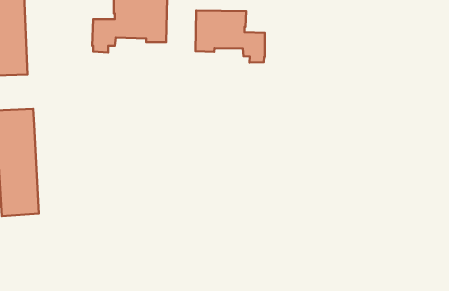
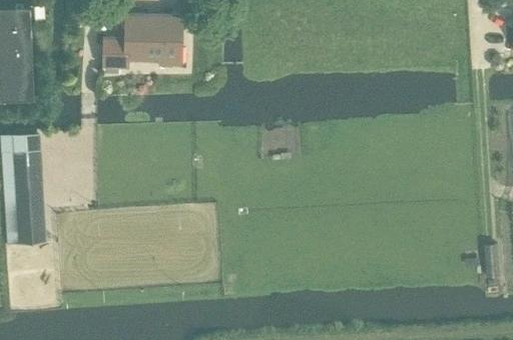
building: [196,10,265,62] -> none

